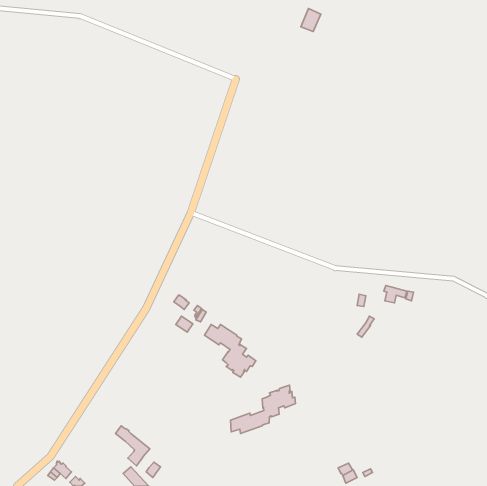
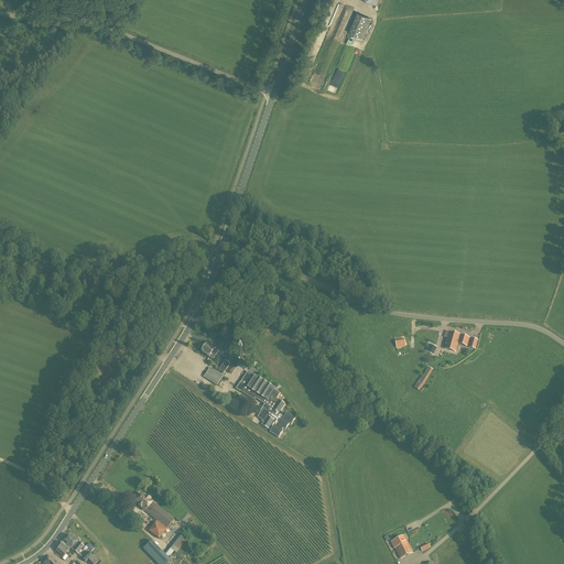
building: [230,385,296,433] -> none

